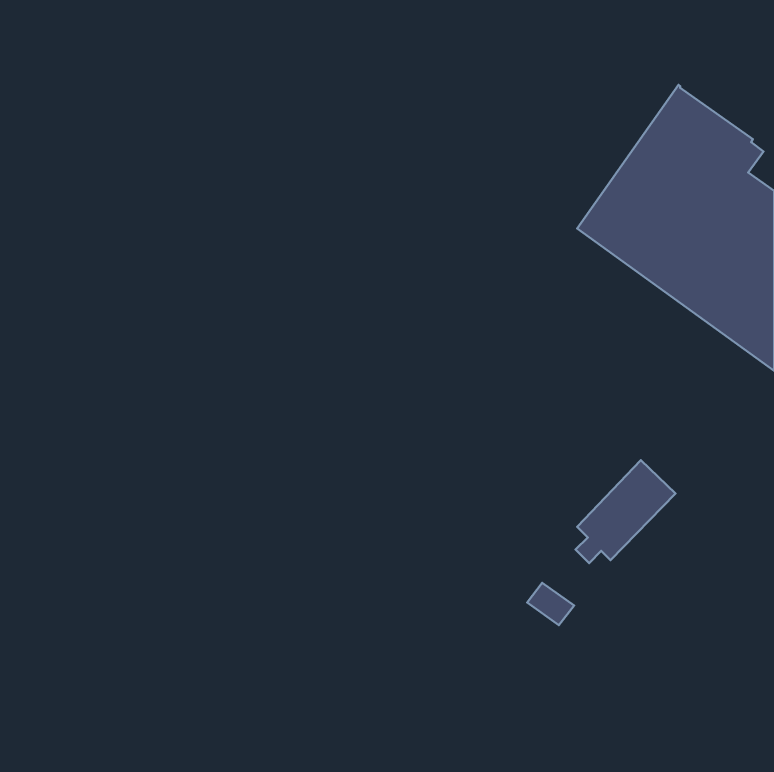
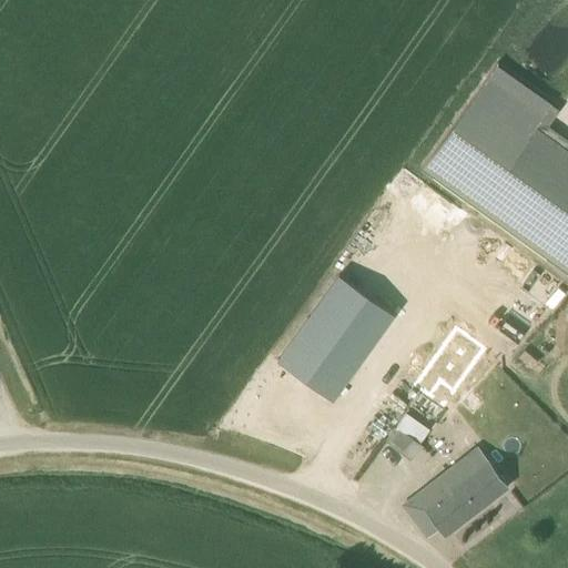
building: none -> [280,277,392,397]
building: none -> [404,449,508,536]

